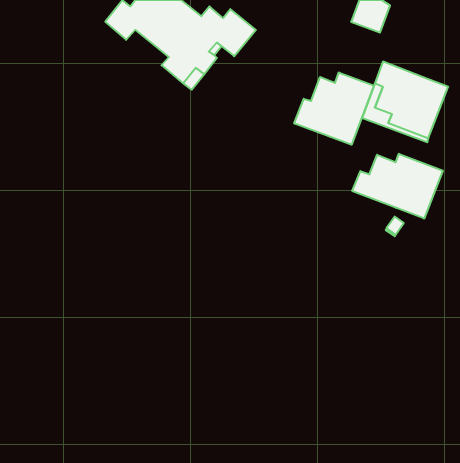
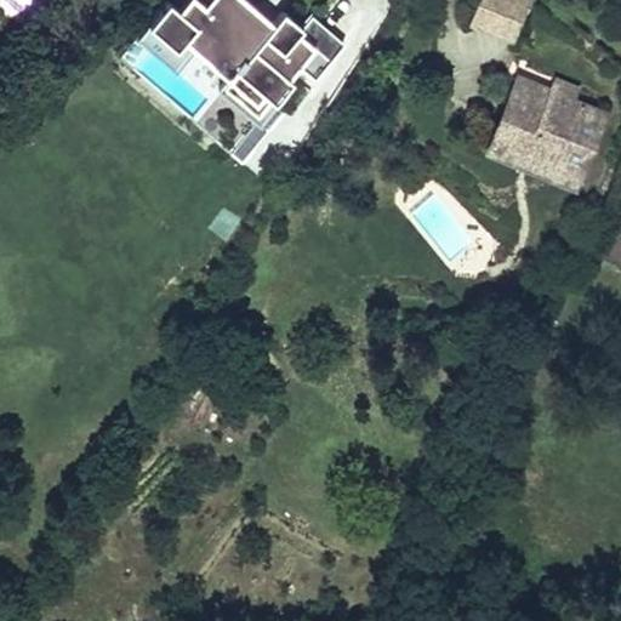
building: [294,72,374,145] -> none
building: [352,154,443,219] -> none

